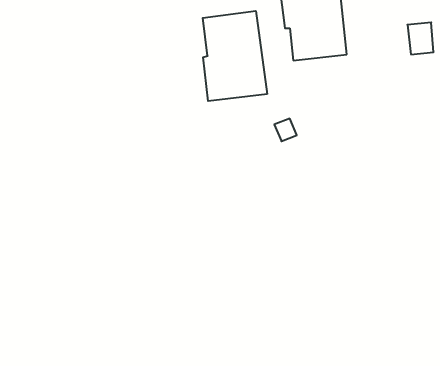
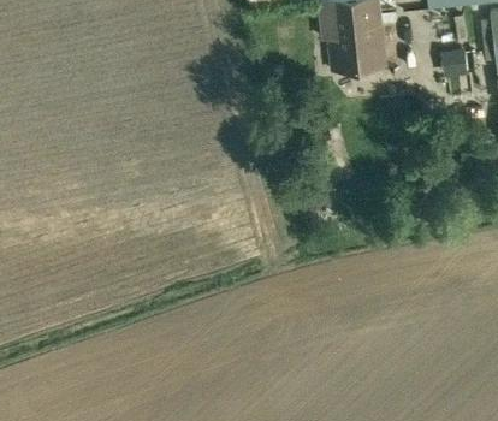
building: [203,11,267,101] -> none

